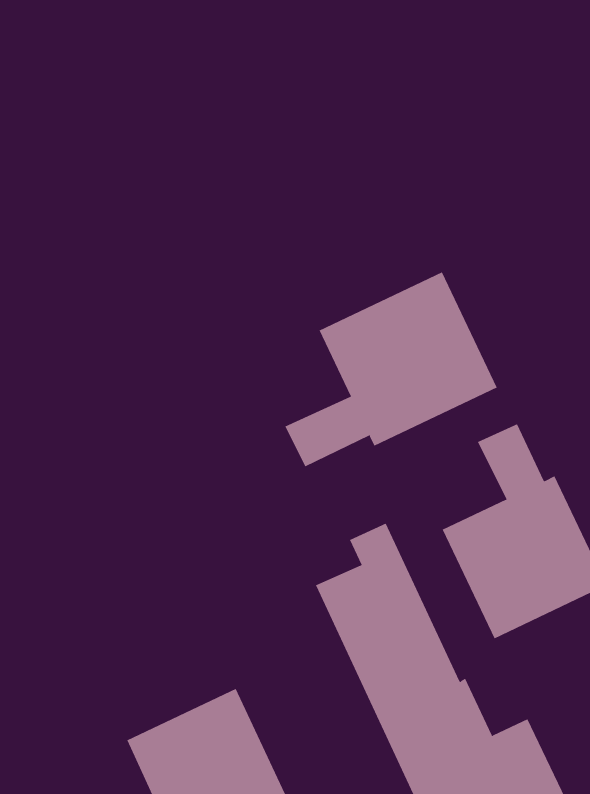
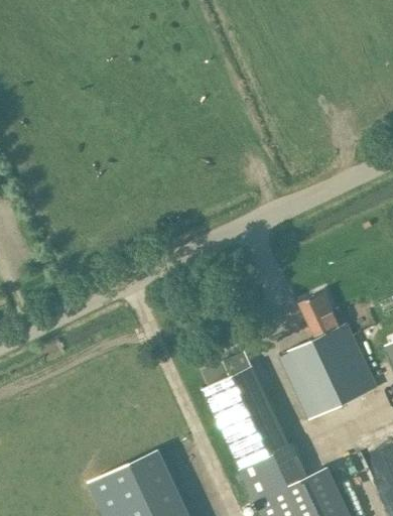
building: [285,271,498,467] -> none

